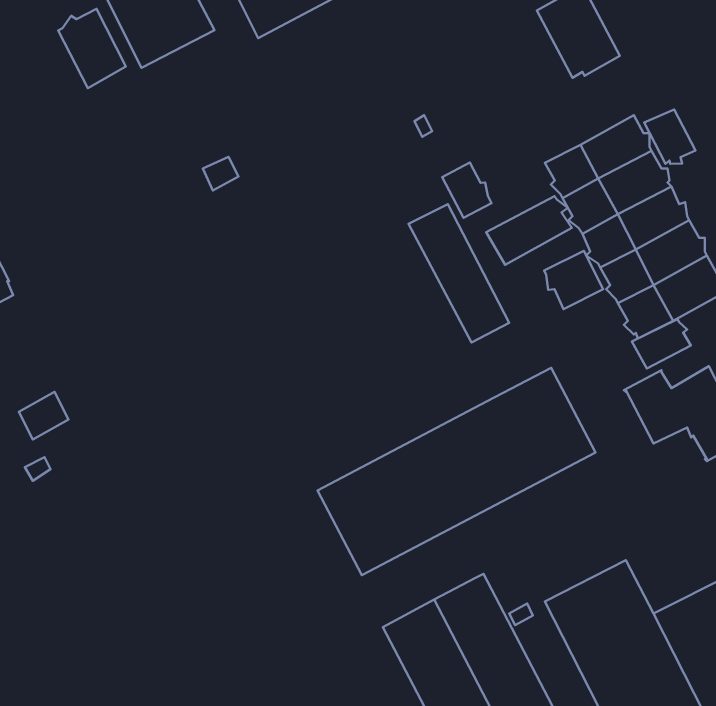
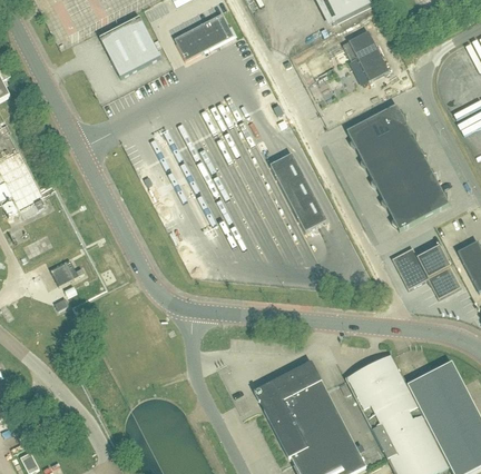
building: [58,9,126,88] -> none
building: [644,109,696,164] -> none
building: [442,162,491,218] -> none
building: [486,196,572,265] -> none
building: [544,251,603,309] -> none
building: [632,319,691,369] -> none
building: [318,368,596,575] -> none

